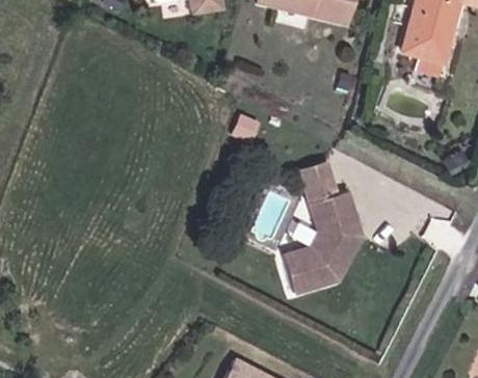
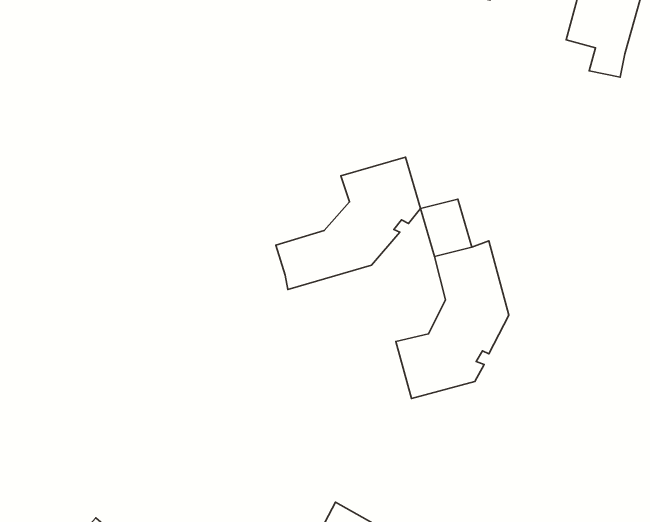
building: none -> [276,157,421,290]

